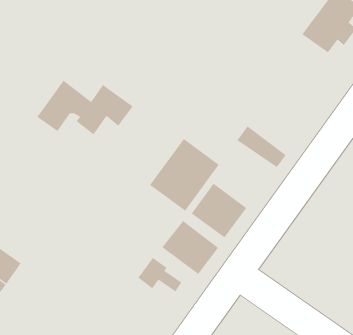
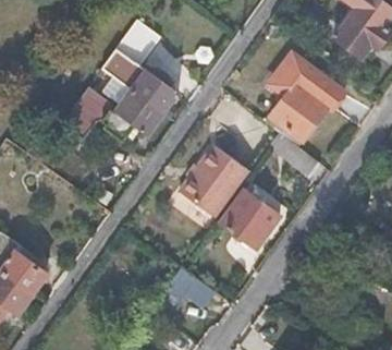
building: none -> [101,25,175,112]
building: none -> [269,53,345,141]
building: [162,220,219,275] -> none

